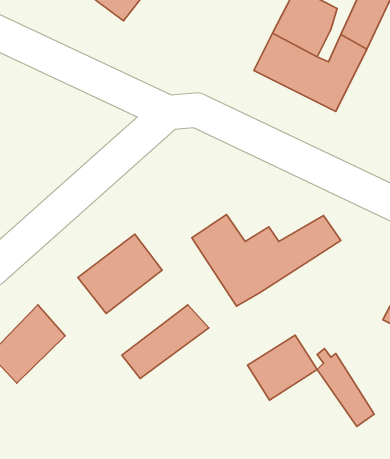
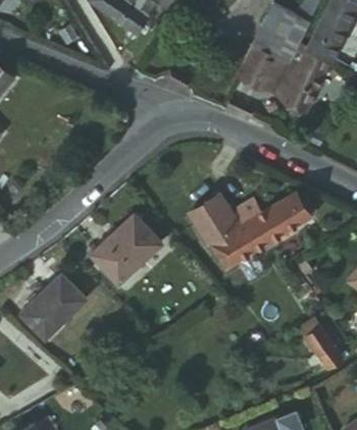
building: [122,305,209,379] -> none
building: [248,335,317,400] -> none

